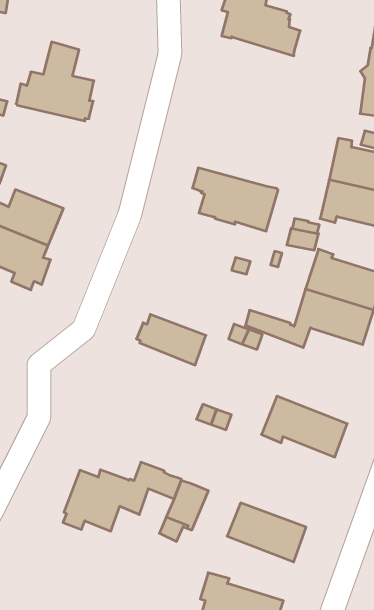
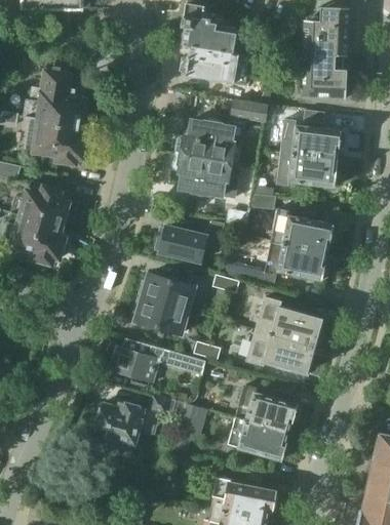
building: none -> [181,45,248,83]
building: none -> [23,117,89,164]
building: none -> [174,99,268,164]
building: none -> [155,227,206,261]
building: none -> [133,297,188,334]
building: none -> [256,297,322,346]
building: none -> [114,339,205,382]
building: none -> [235,390,298,432]

